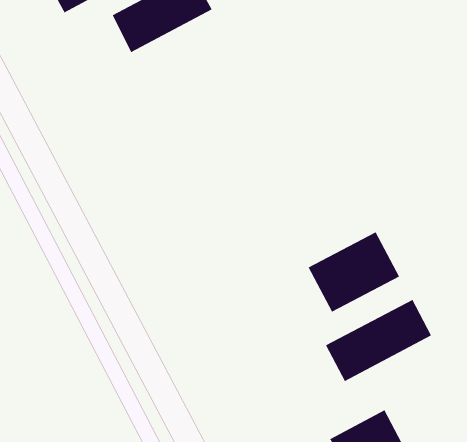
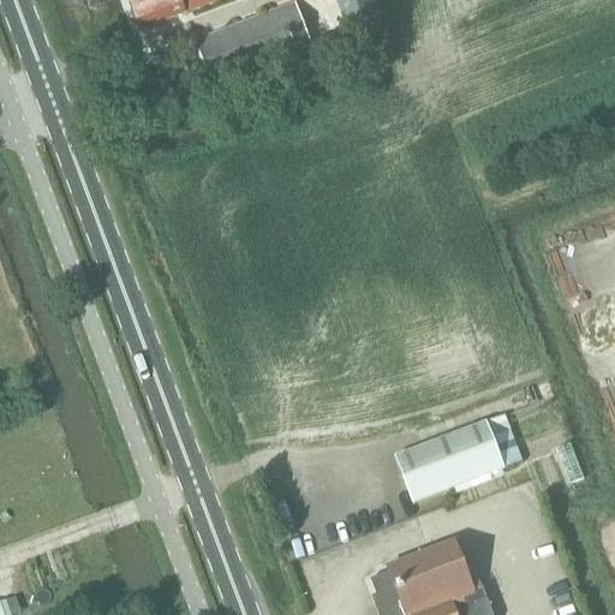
building: [308,231,400,313] -> none

